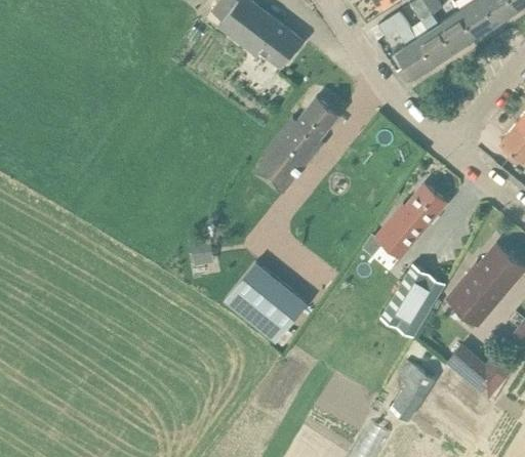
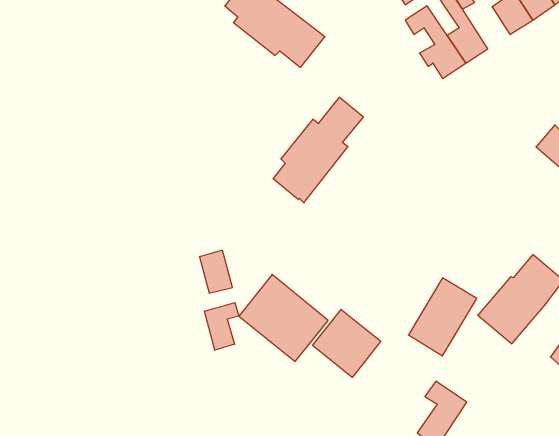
building: [439,12,476,51] -> none
building: [375,183,447,257] -> none
building: none -> [204,303,239,350]
building: none -> [313,309,381,377]
building: [446,348,513,398] -> none

